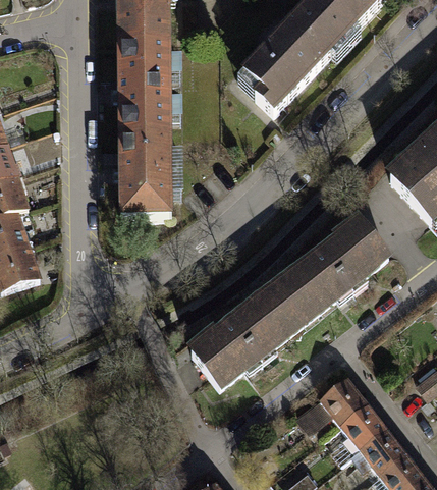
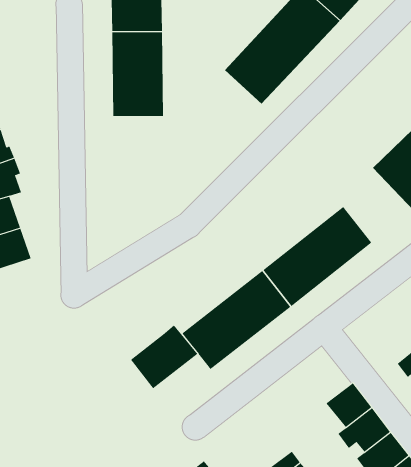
building: [118,126,171,214] -> none
building: none -> [130,325,198,389]
building: [294,377,367,435] -> none

